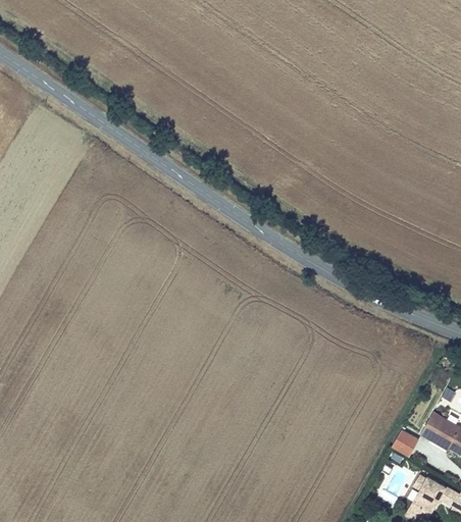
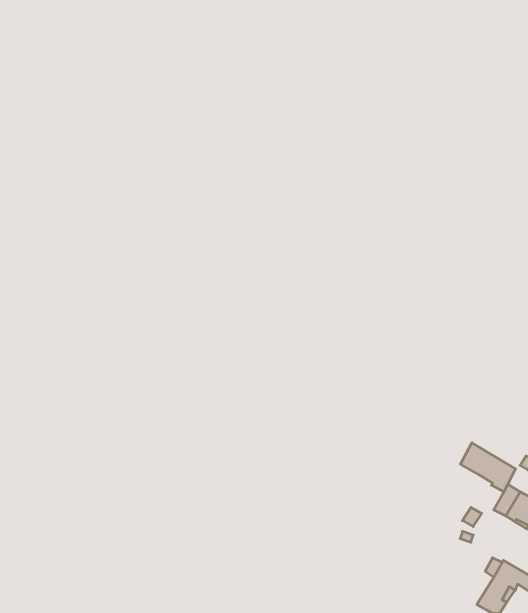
building: none -> [460,443,516,492]

